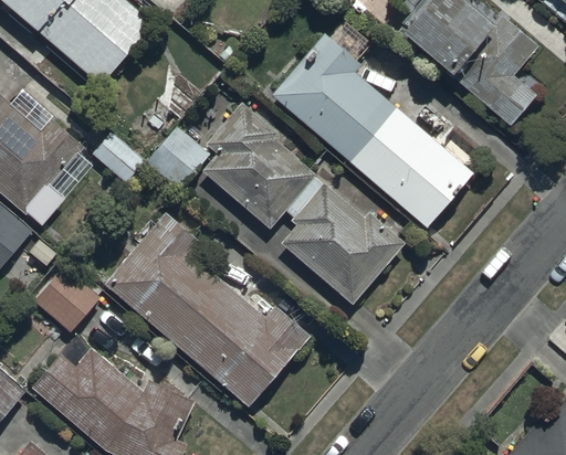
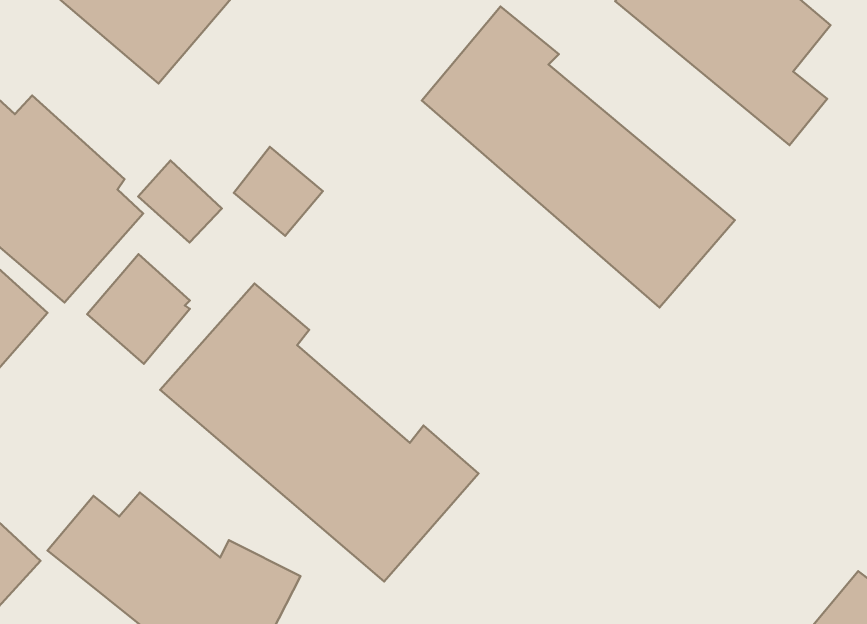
building: [202,103,407,306] -> none
building: [33,261,99,331] -> [87,254,190,364]

